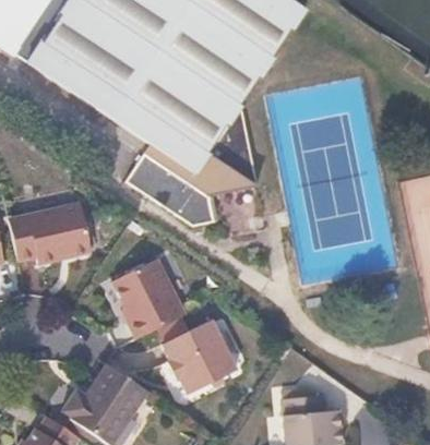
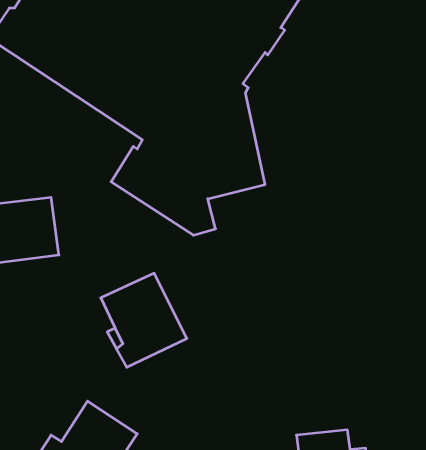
building: [166,318,238,393] -> none

